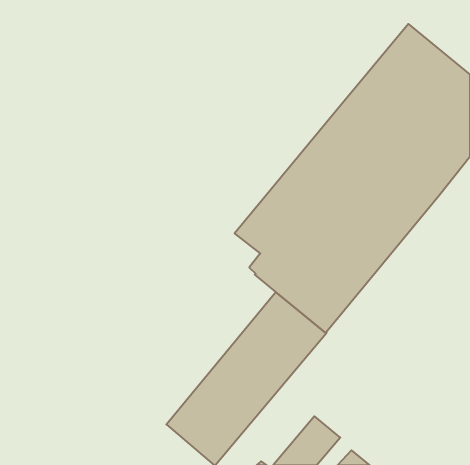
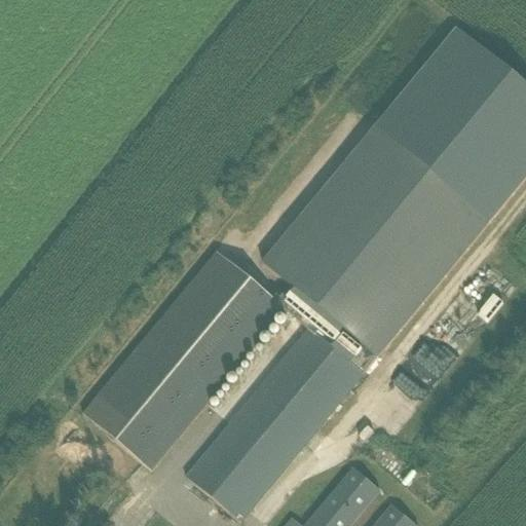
building: none -> [82,249,286,468]

